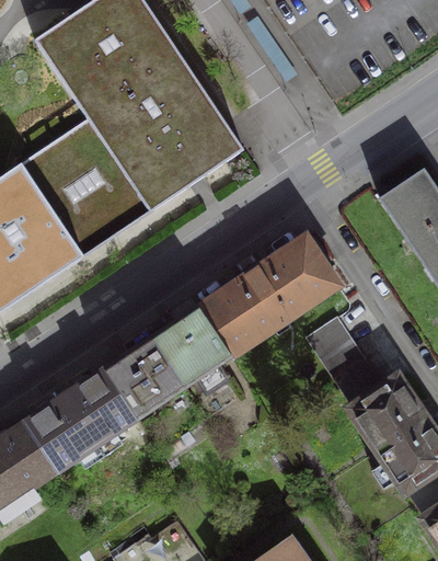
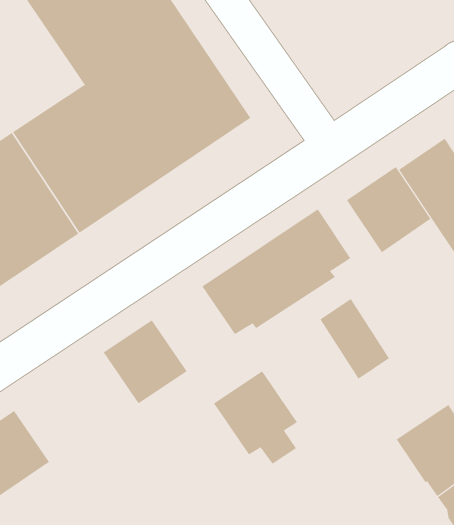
building: none -> [346,166,431,253]
building: [151,306,230,393] -> [213,370,298,465]
building: [23,367,138,469] -> none
building: [343,373,427,448] -> none

